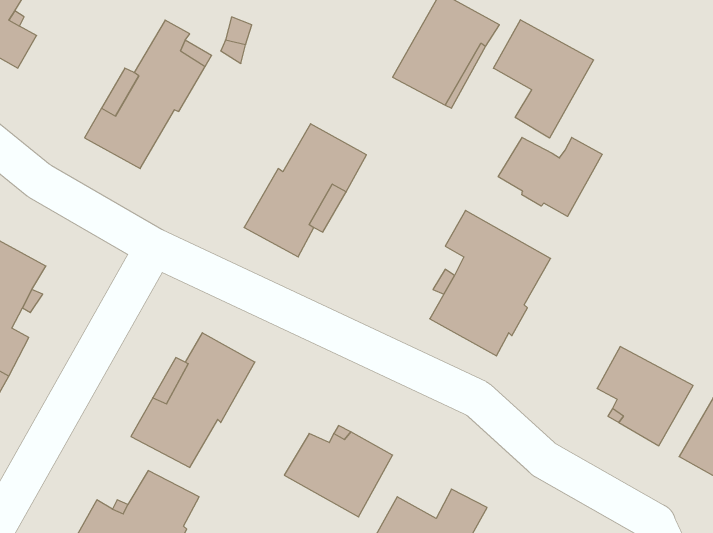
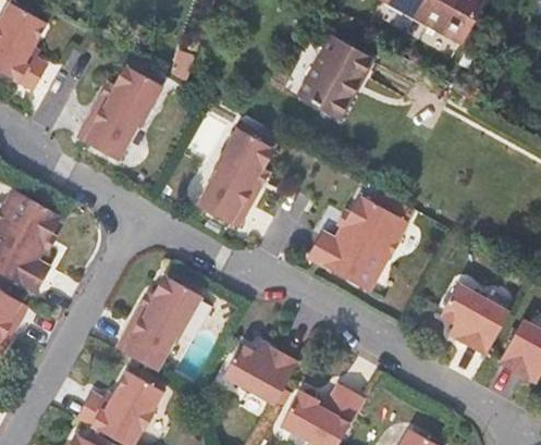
building: [493,20,594,138] -> none
building: [498,137,602,216] -> none

